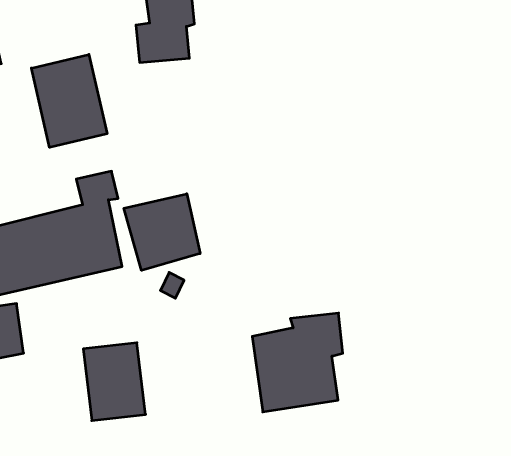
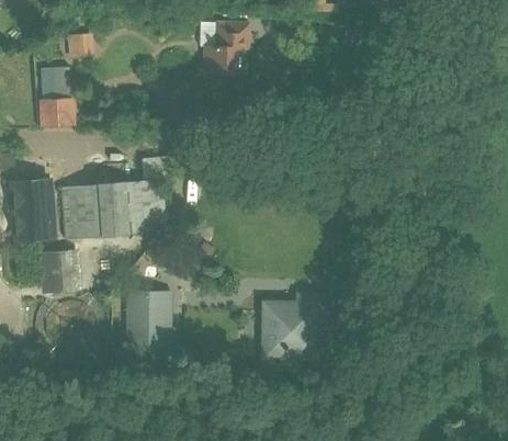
building: [31,54,107,147] -> none
building: [124,194,200,270] -> none

